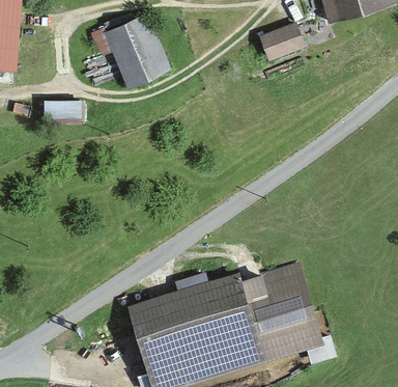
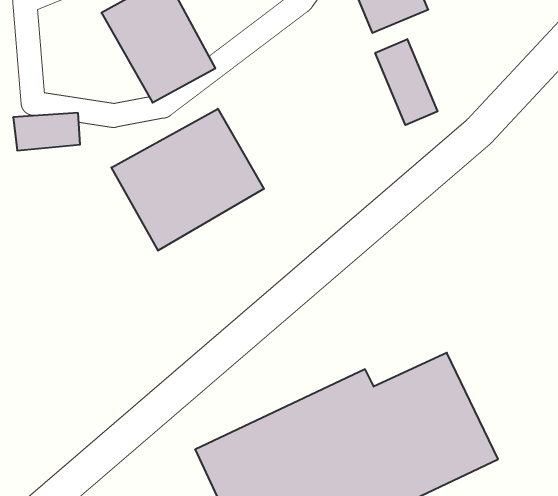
building: none -> [375,39,438,125]
building: none -> [111,109,264,251]

